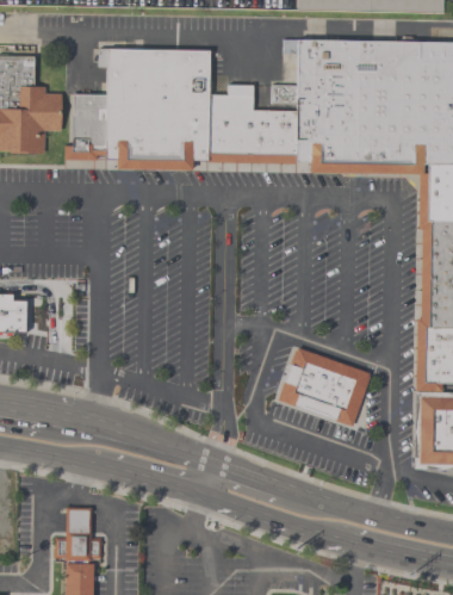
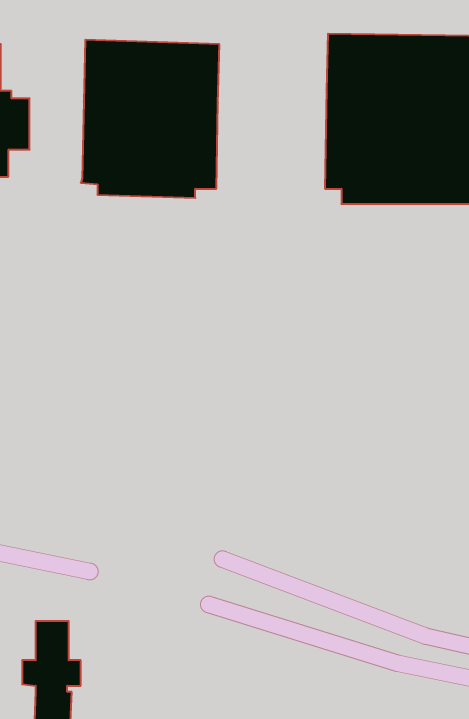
building: [210,83,297,163] -> none
building: [62,94,105,160] -> none
building: [277,347,371,427] -> none

